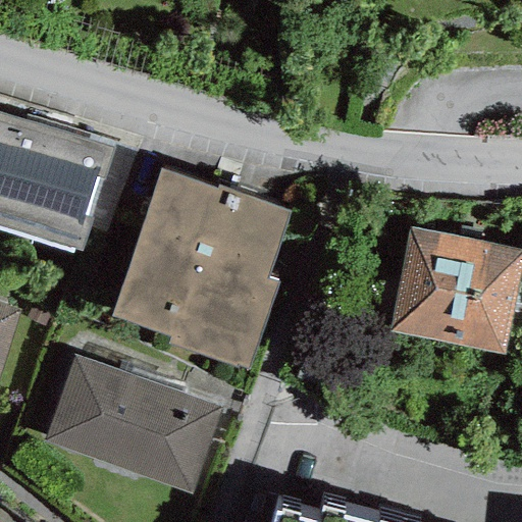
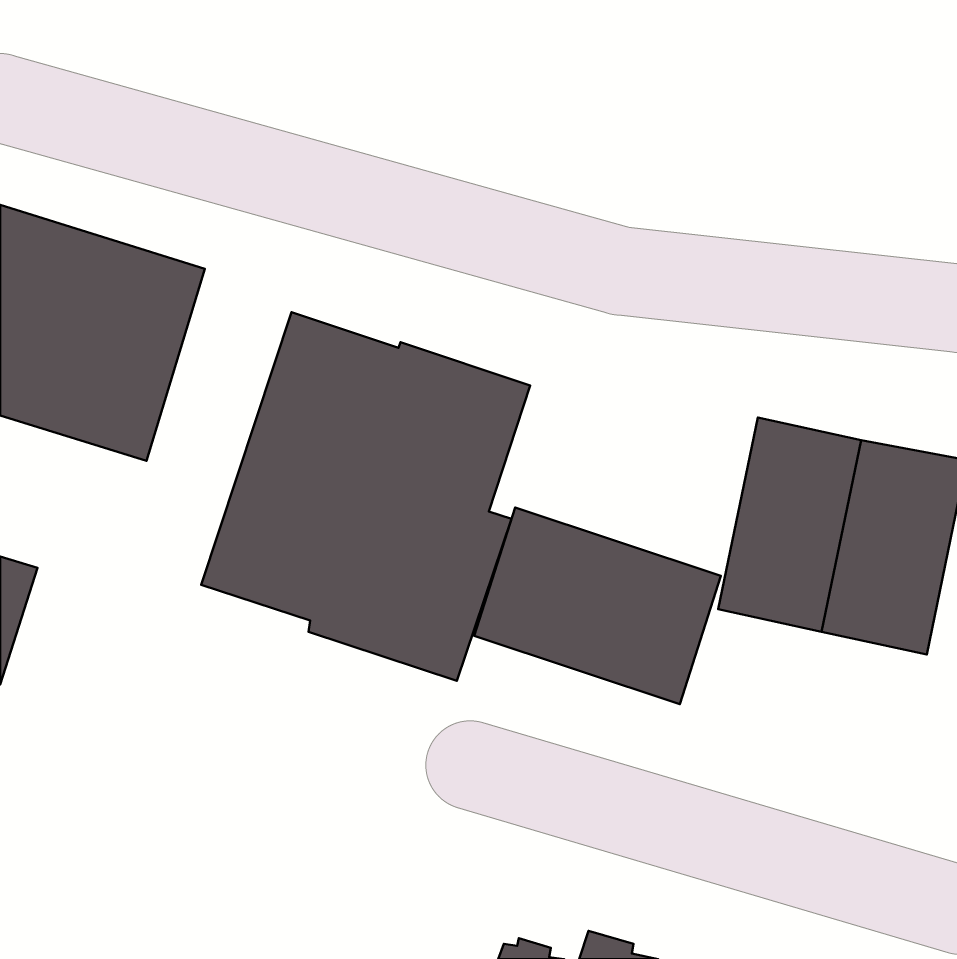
building: none -> [474,508,721,704]
building: [45,354,222,491] -> none

